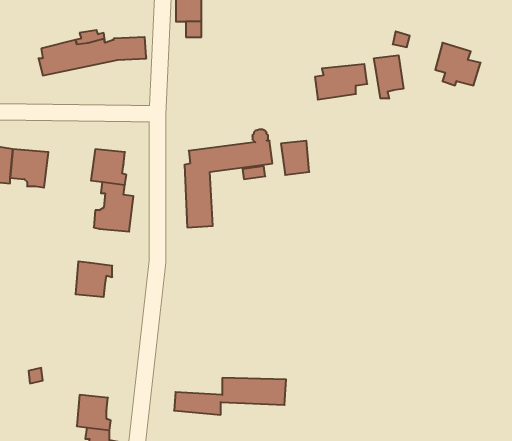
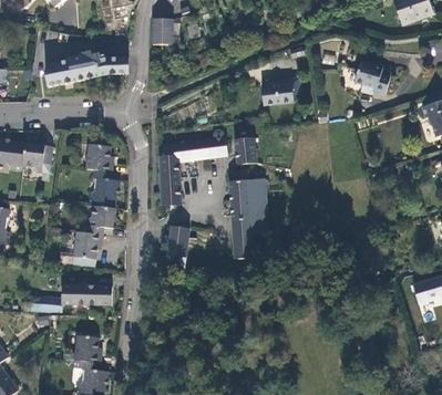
building: [374,55,403,99] -> none
building: none -> [228,169,267,257]
building: none -> [84,205,115,233]
building: none -> [165,226,189,269]
building: [174,378,286,415] -> [24,283,112,312]

